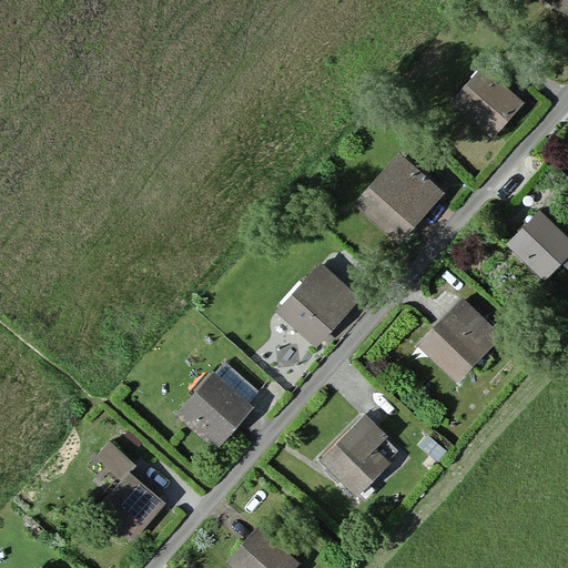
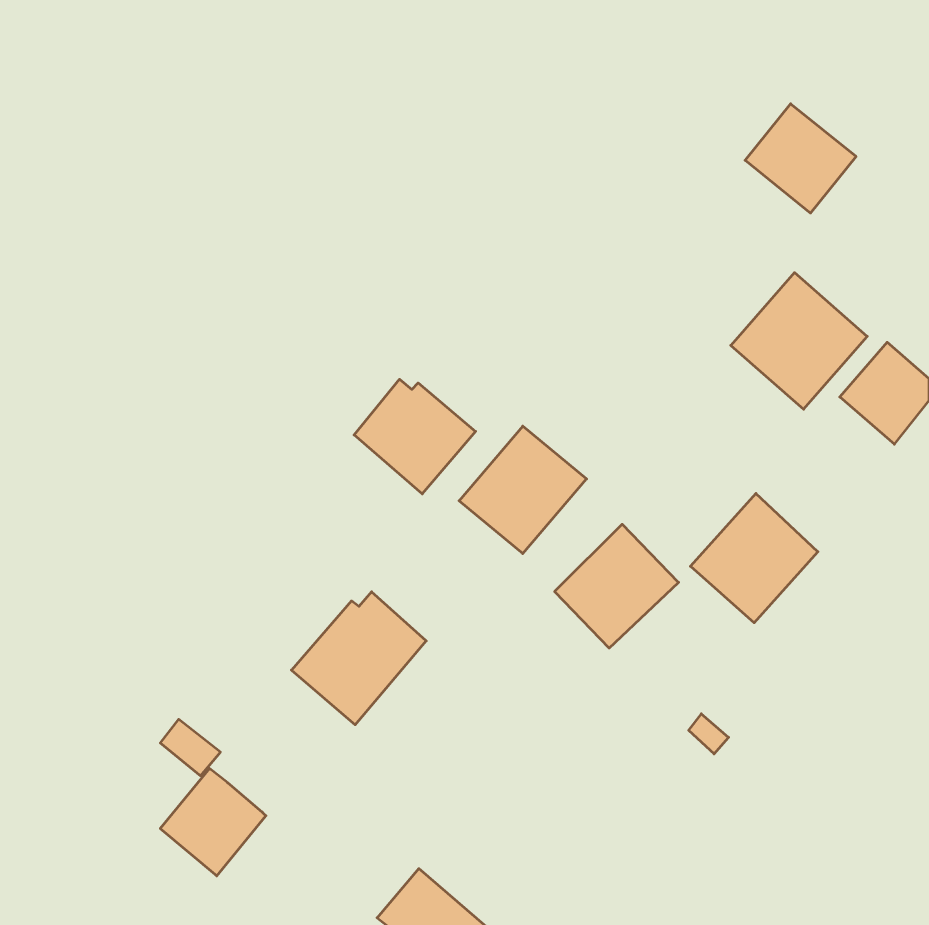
building: [357,154,440,237] -> [731,273,867,409]
building: none -> [354,379,476,494]
building: [322,419,397,495] -> [555,524,679,648]

